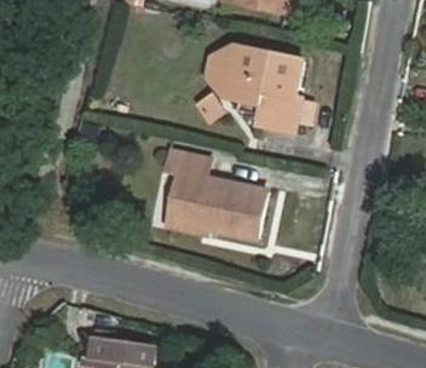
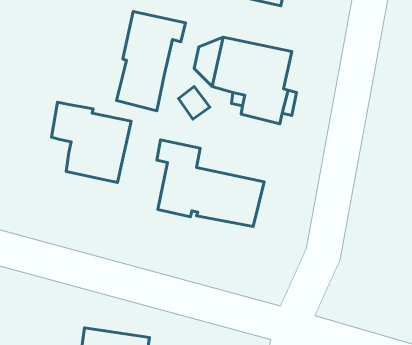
building: none -> [117,11,185,111]
building: none -> [51,102,131,182]

